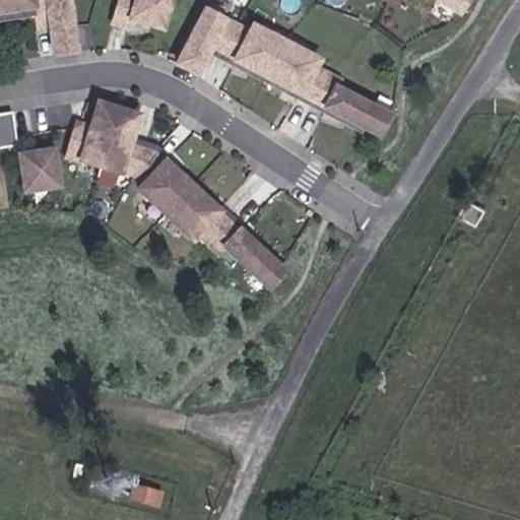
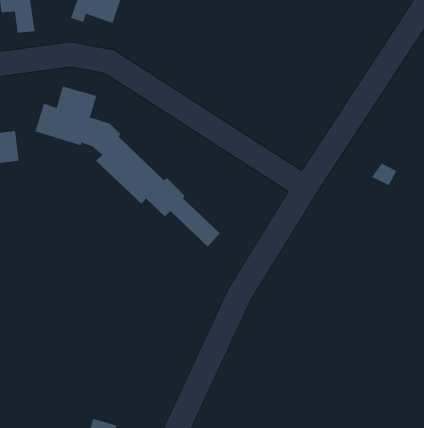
building: [180,9,381,131] -> none

